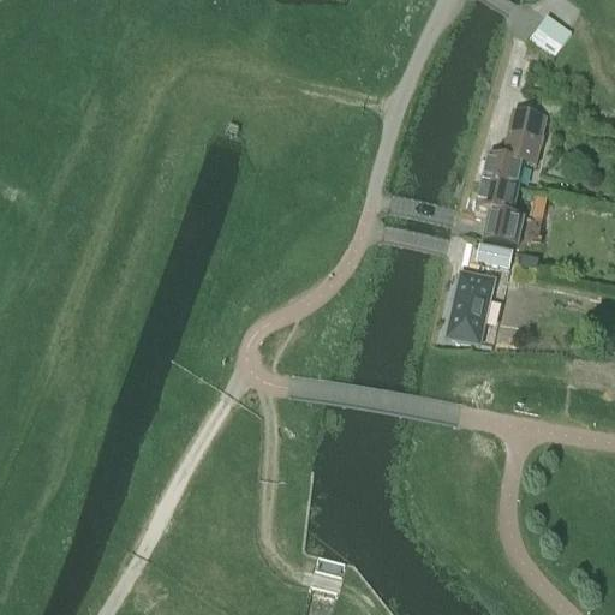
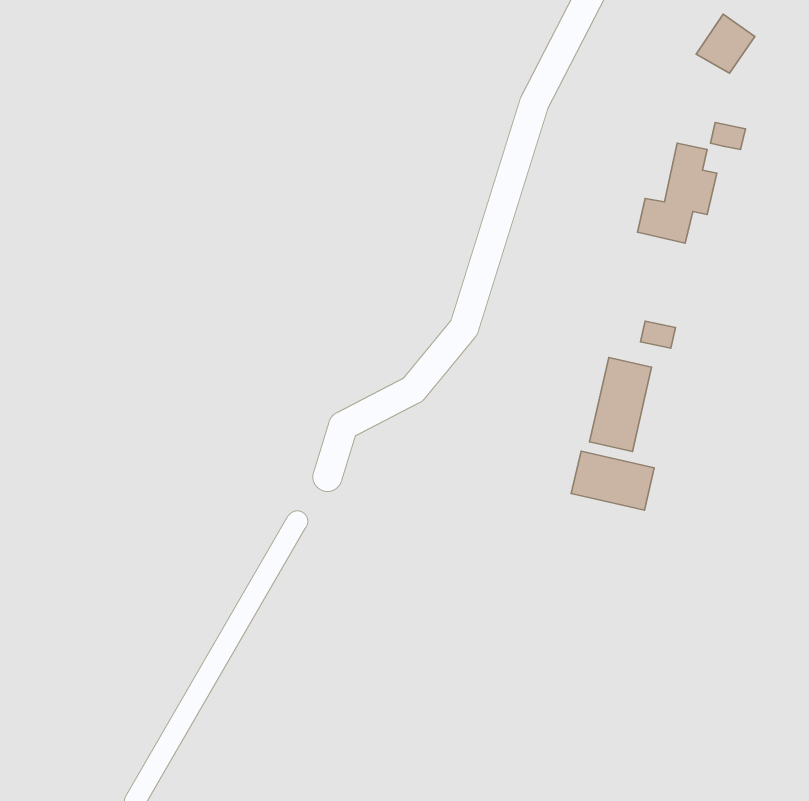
building: [478,175,520,243] -> none
building: none -> [571,451,654,510]

